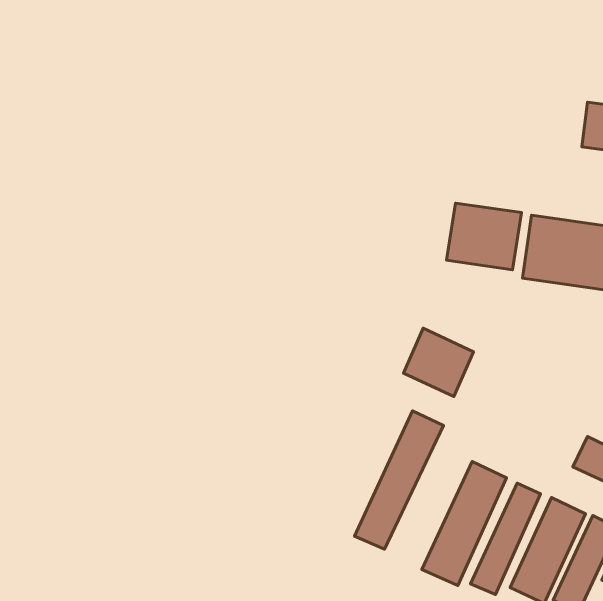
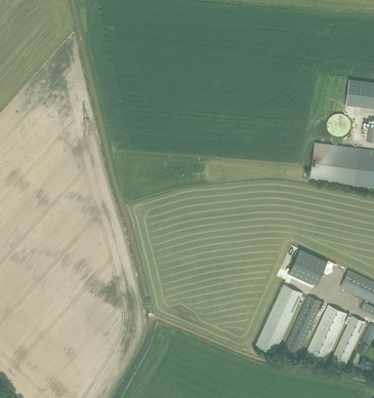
building: [446,203,521,270] -> none
building: [404,328,474,397] -> [288,247,328,286]
building: [355,411,443,549] -> none

